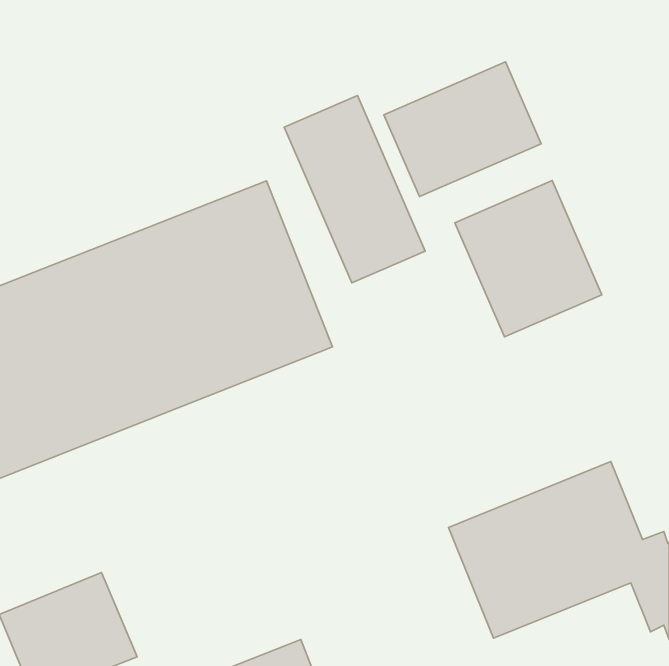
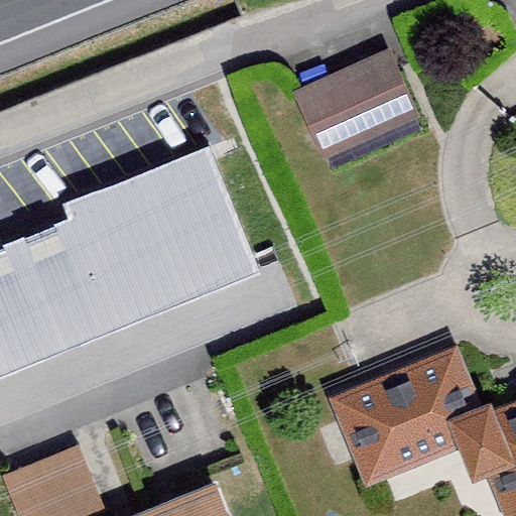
building: [284,95,425,283] -> none
building: [455,181,602,337] -> none

